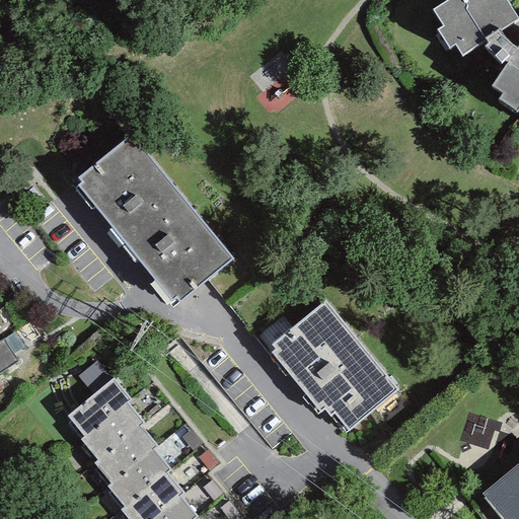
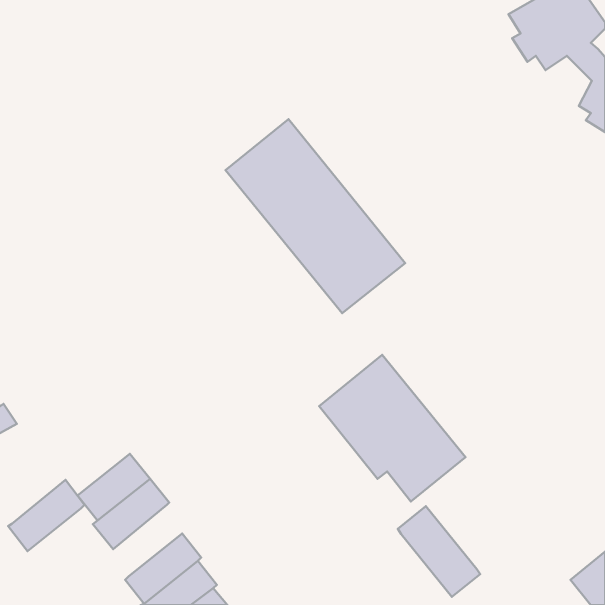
building: [78,134,231,299] -> [225,119,405,313]
building: [93,430,158,491] -> [8,480,85,551]
building: none -> [398,506,480,597]

